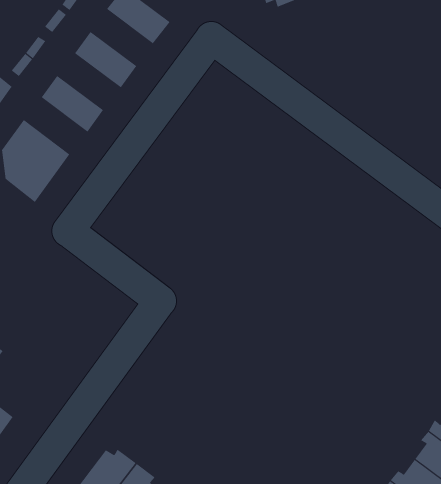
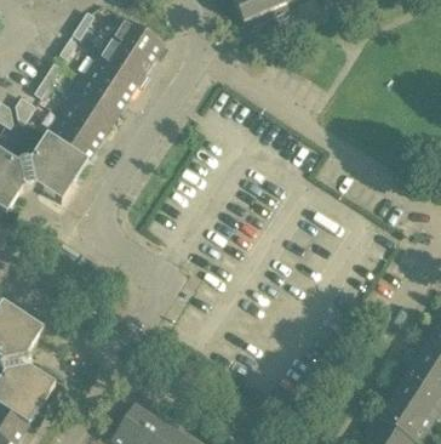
building: none -> [97,34,150,80]
building: none -> [71,73,126,119]
building: none -> [46,112,101,158]

